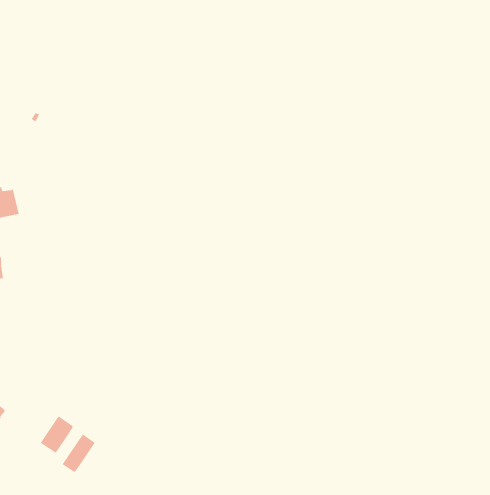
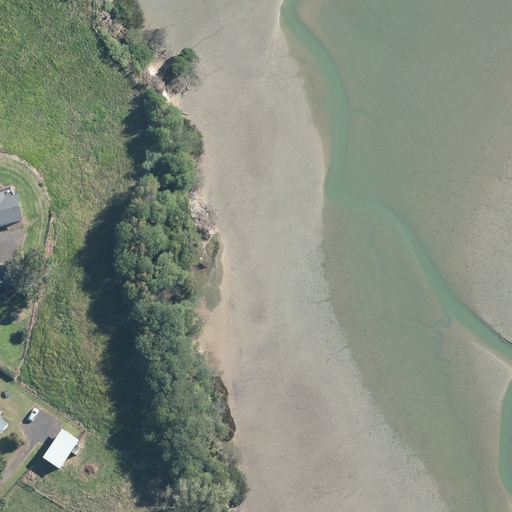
building: [62,433,95,473] -> none

